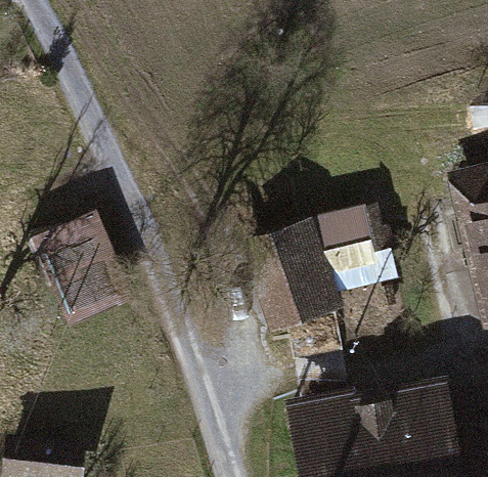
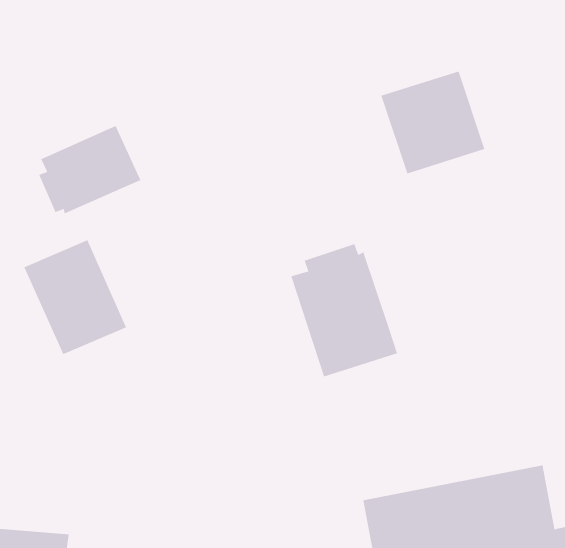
building: none -> [38,125,141,214]
building: [310,208,392,289] -> [381,71,485,174]

